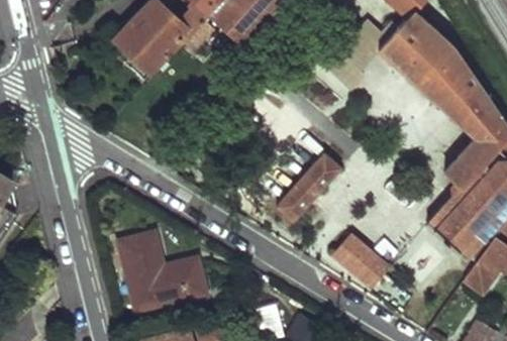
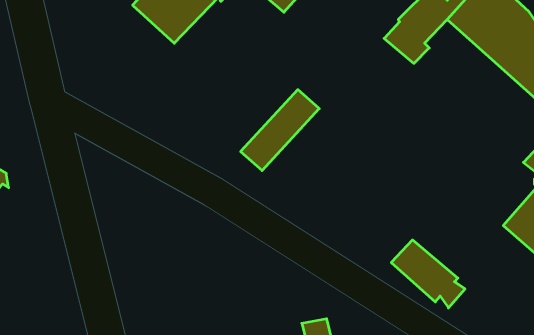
building: [277,154,343,223] -> [241,90,319,171]
building: [121,231,205,310] -> none

